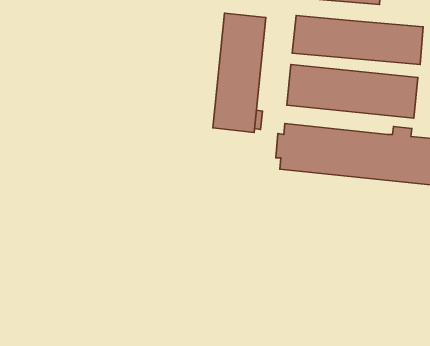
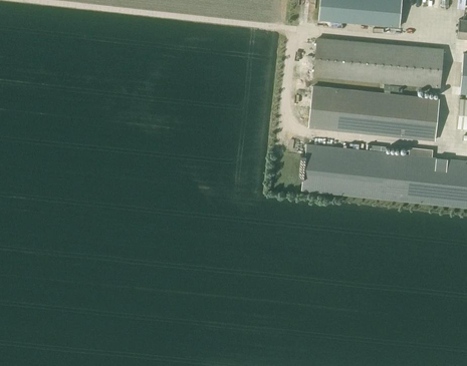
building: [213,13,266,132] -> none

